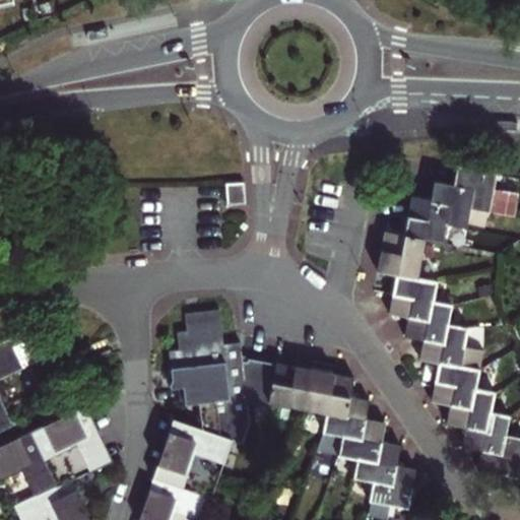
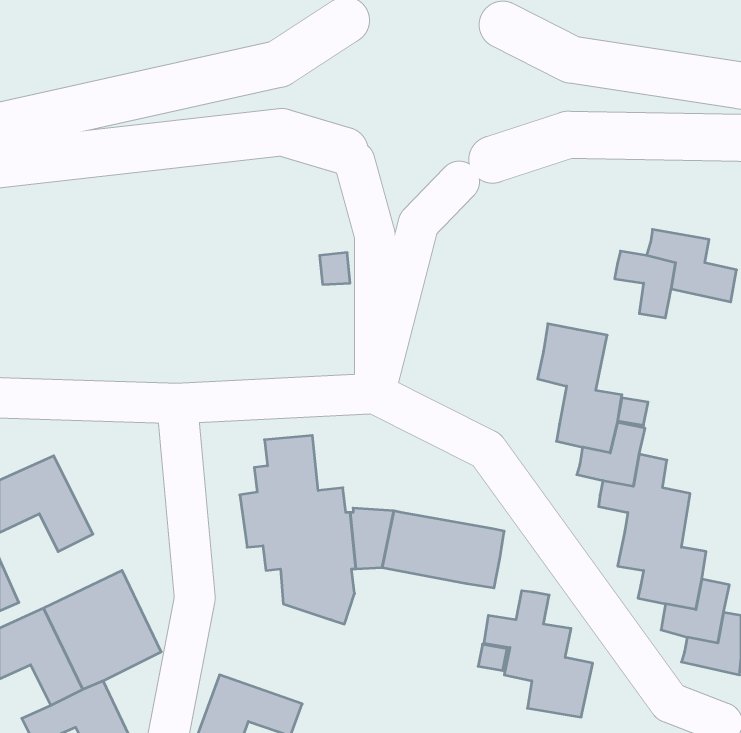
building: [403,198,450,244] -> none
building: [322,397,369,440] -> none
building: [153,420,232,499] -> none

